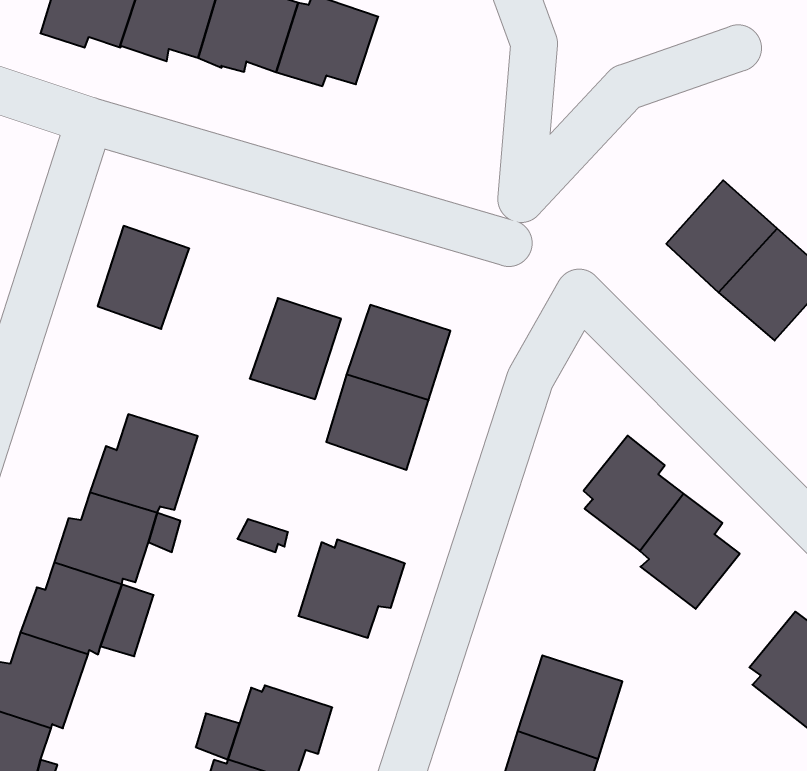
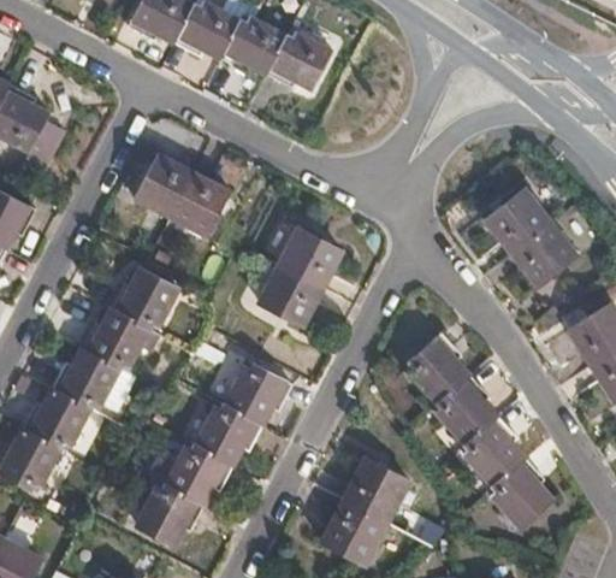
building: [250,298,341,399] -> [168,172,230,237]
building: none -> [461,414,522,484]
building: none -> [194,405,261,465]

